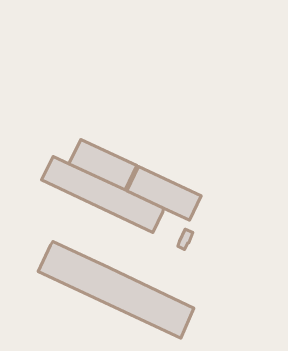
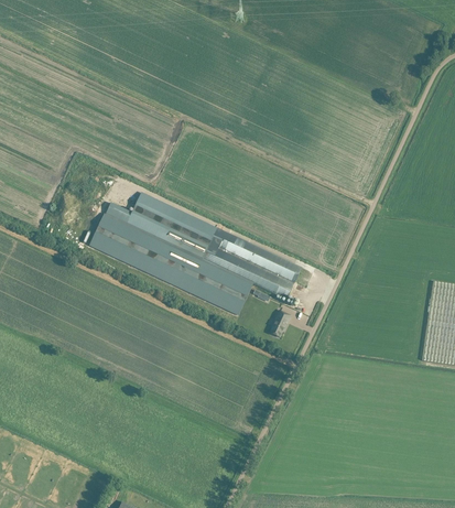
building: [38,242,194,338] -> none

